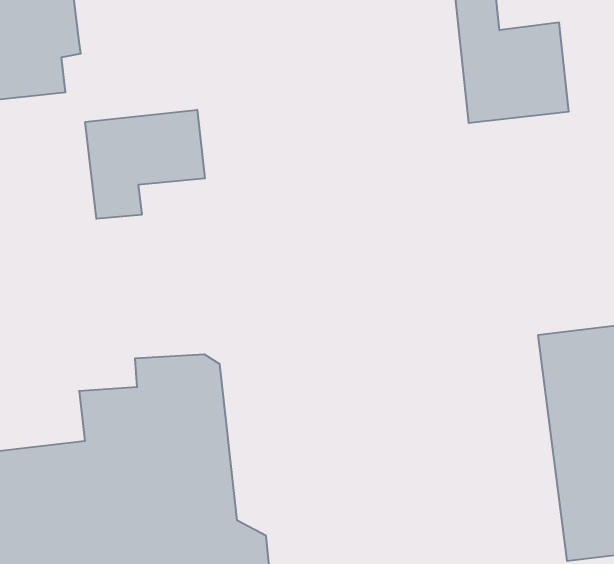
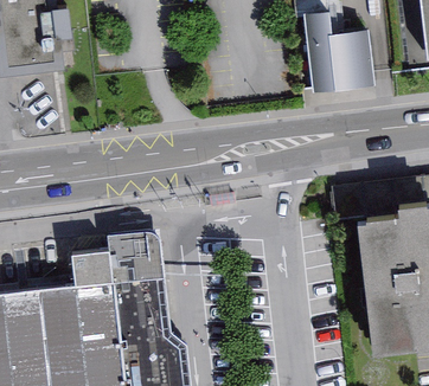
building: [85,110,205,219] -> none

